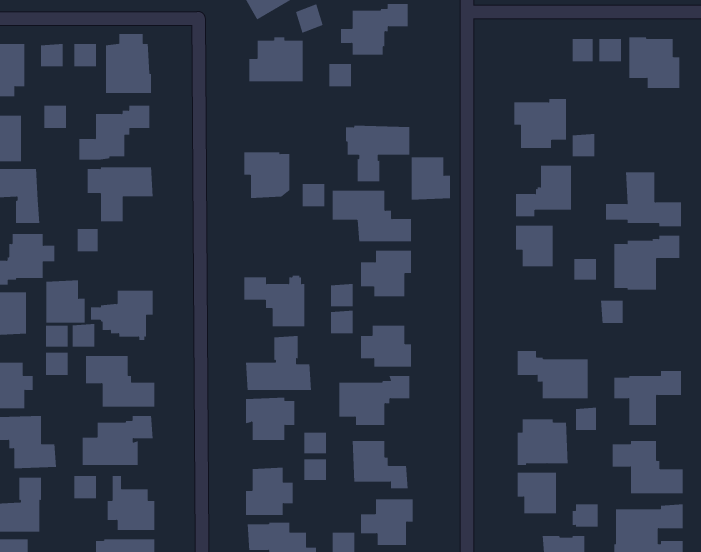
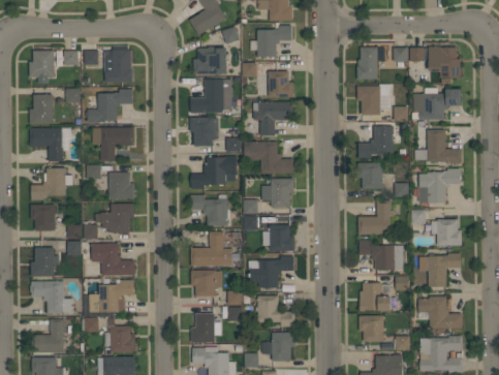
building: none -> [357,48,385,80]
building: none -> [191,80,232,114]
building: none -> [412,88,462,120]
building: [411,157,451,200] -> [269,71,293,98]
building: none -> [191,157,238,189]
building: [45,280,86,323] -> [110,173,134,199]
building: none -> [358,200,392,235]
building: none -> [431,219,462,246]

